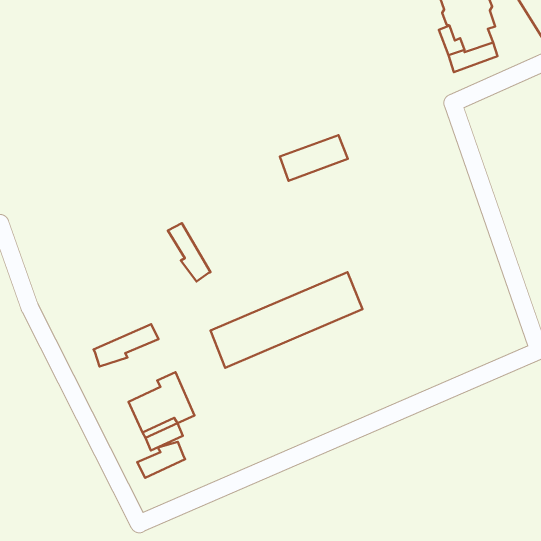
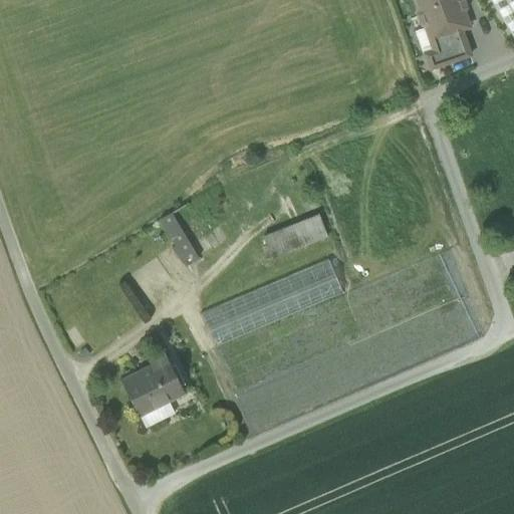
building: [280,135,348,181] -> [265,213,329,256]
building: [94,324,158,366] -> none
building: [137,442,185,478] -> none

